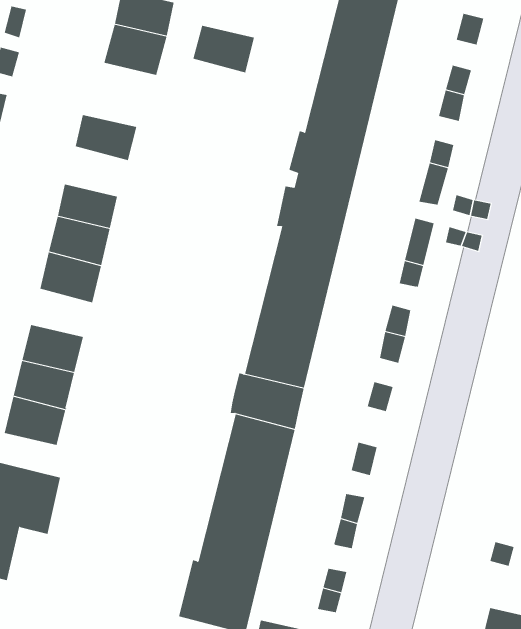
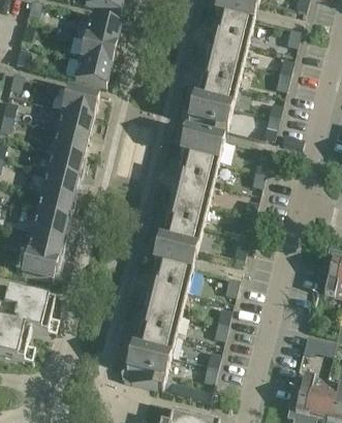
building: [192,25,255,73] -> [73,58,110,86]
building: none -> [56,107,93,135]
building: none -> [36,189,72,217]

